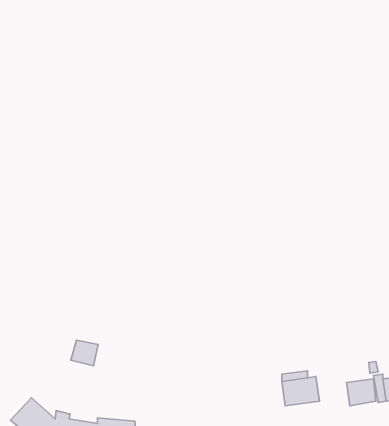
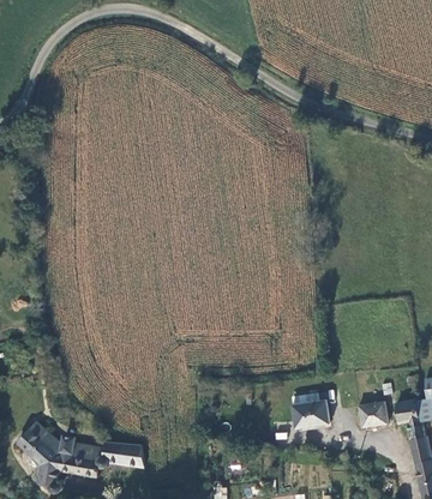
building: [71,340,98,366] -> none

